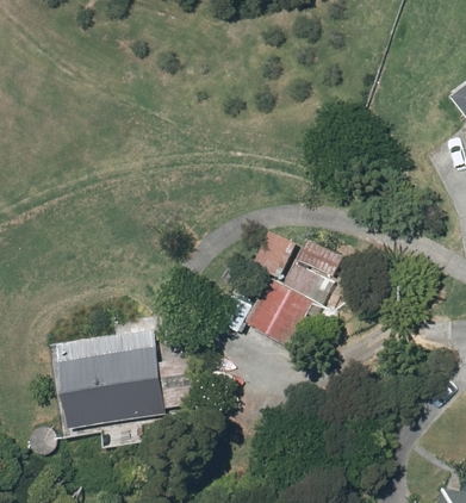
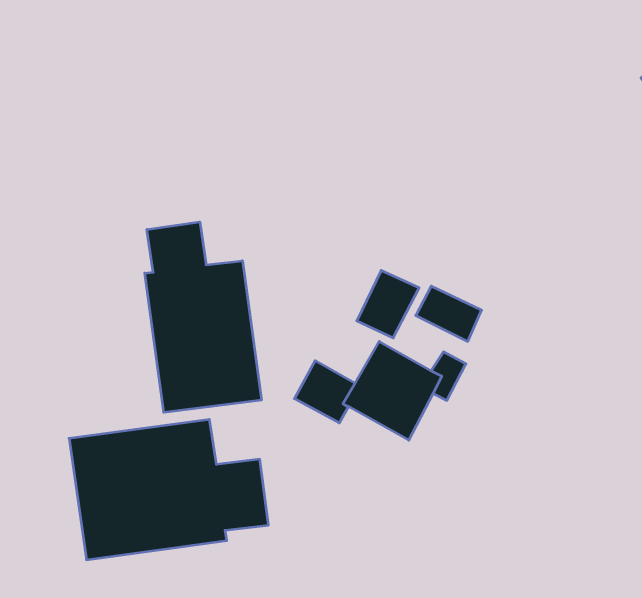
building: none -> [145,222,261,412]

